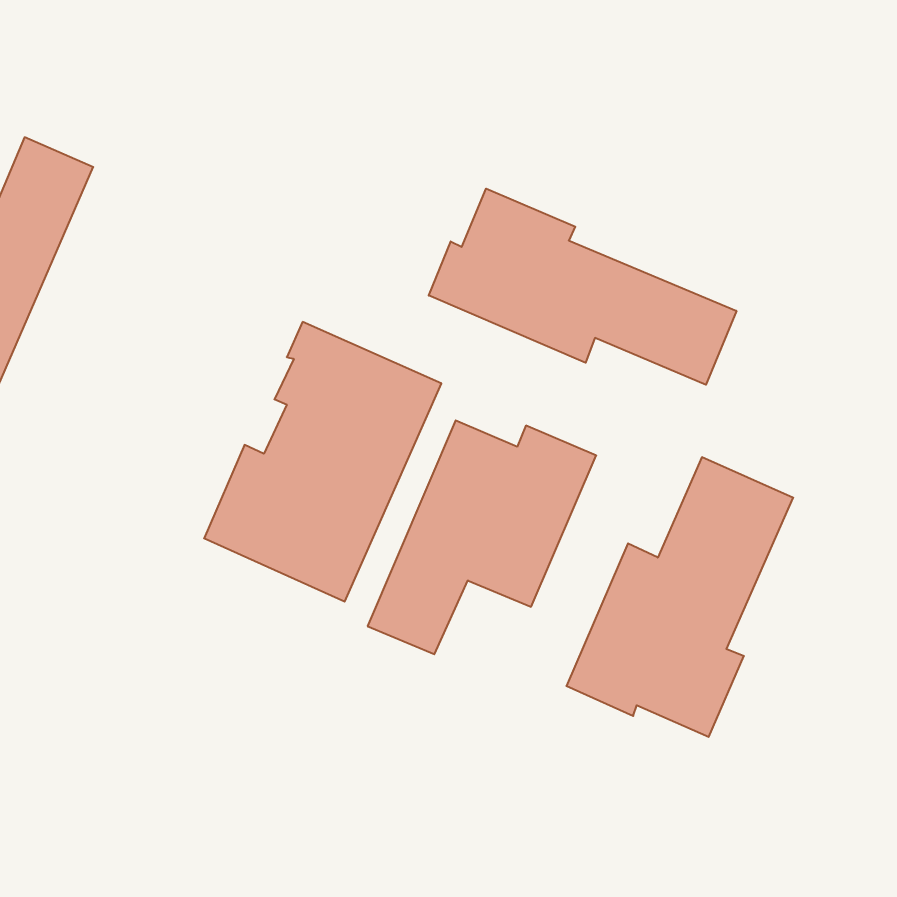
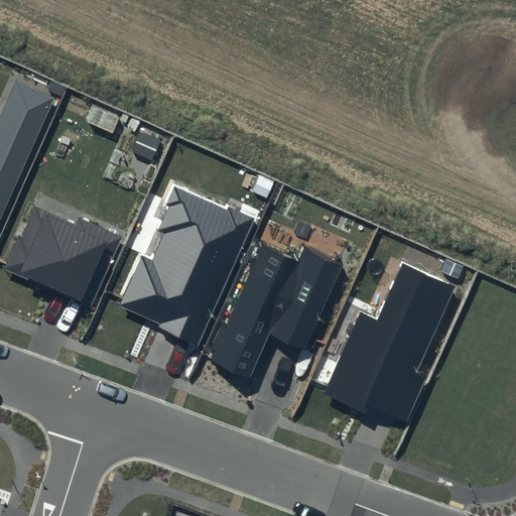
building: [429,189,736,385] -> none
building: none -> [5,204,121,305]

